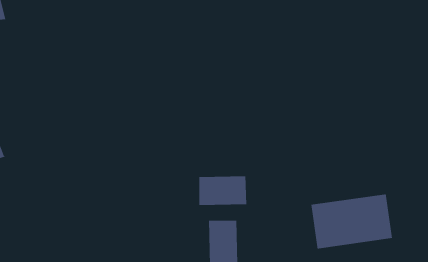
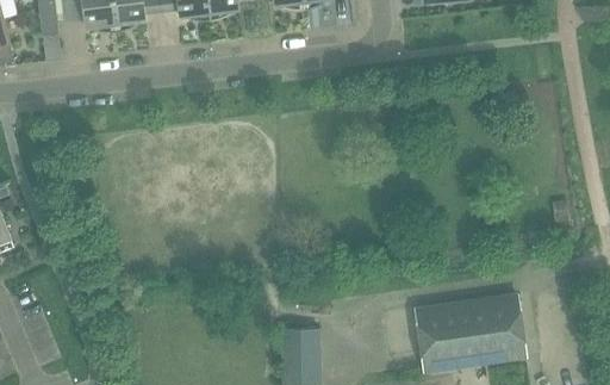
building: [199,176,247,206] -> none

